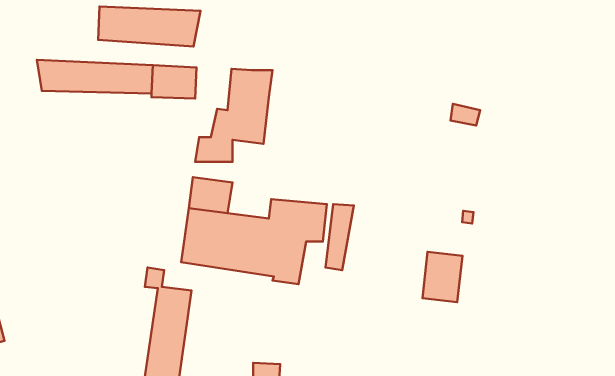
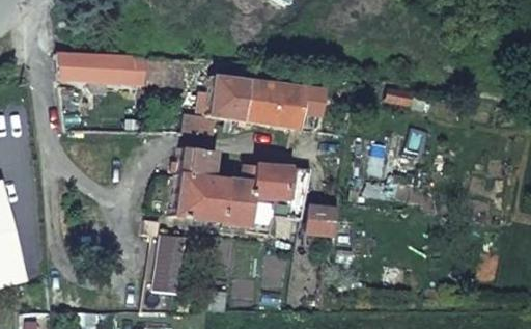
building: [98,7,201,46] -> none
building: none -> [239,82,317,131]
building: [422,252,462,302] -> [304,207,336,247]

